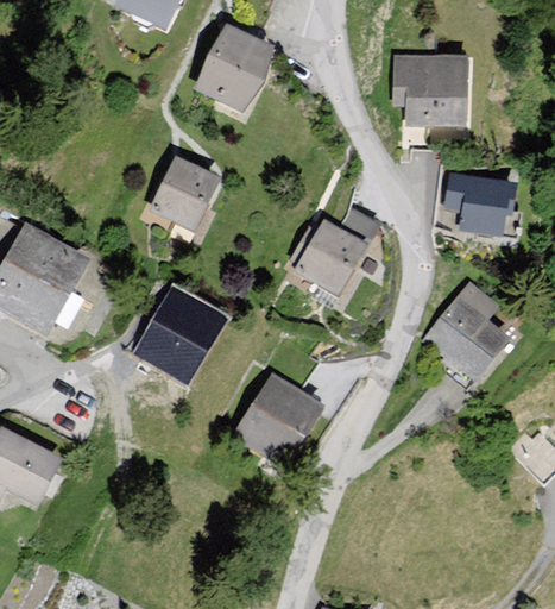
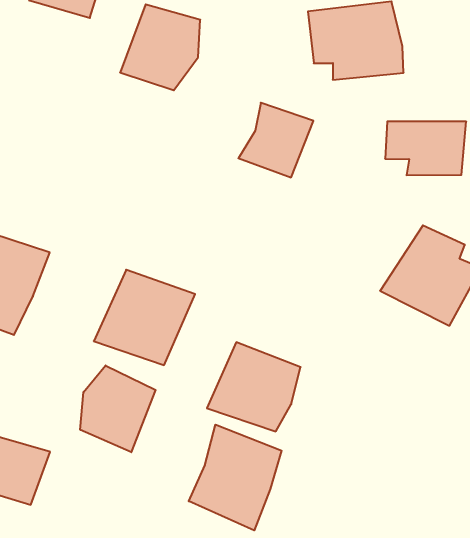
building: [143,156,219,231] -> none
building: [294,218,373,296] -> [238,103,313,177]
building: none -> [80,365,156,452]
building: none -> [189,425,282,530]

